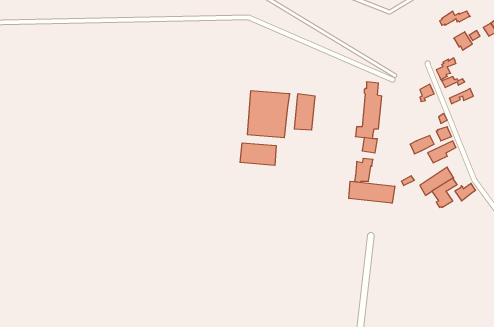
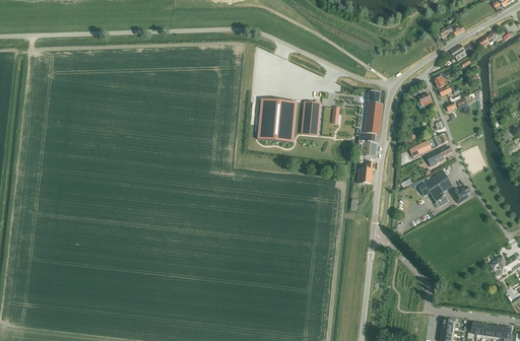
building: [240,143,276,165] -> none
building: [349,181,395,203] -> none

